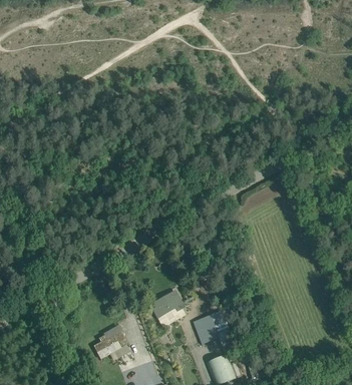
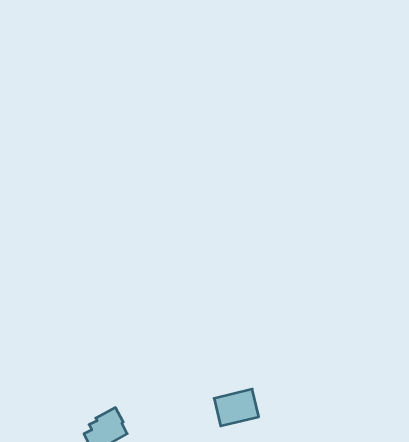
building: [150,293,184,327] -> none

